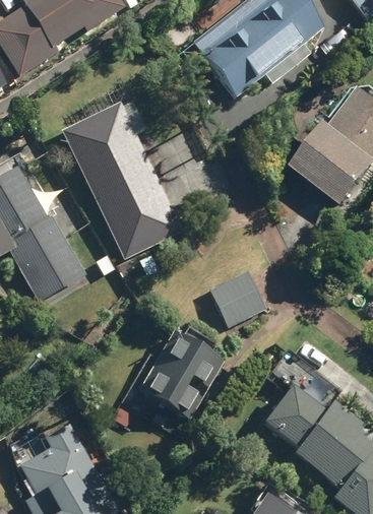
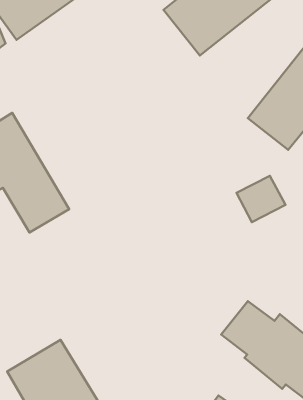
building: [60,98,183,256] -> none
building: [207,269,265,324] -> [236,176,285,222]
building: [138,328,226,420] -> none

